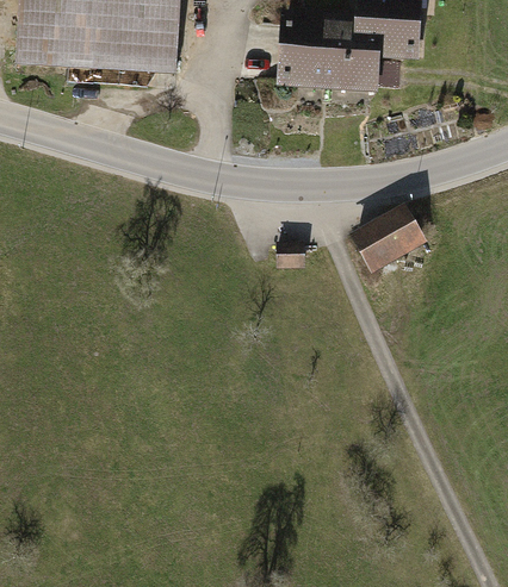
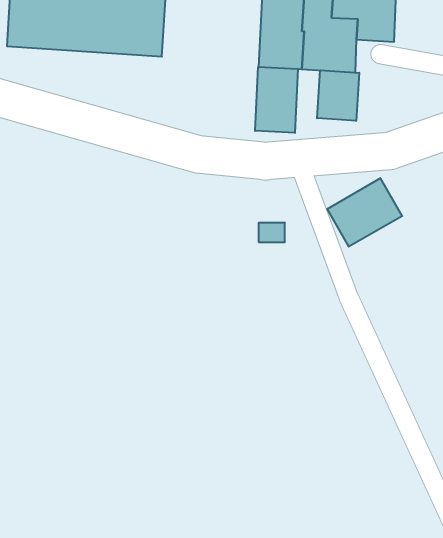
building: none -> [255,67,298,133]
building: none -> [317,70,359,121]

